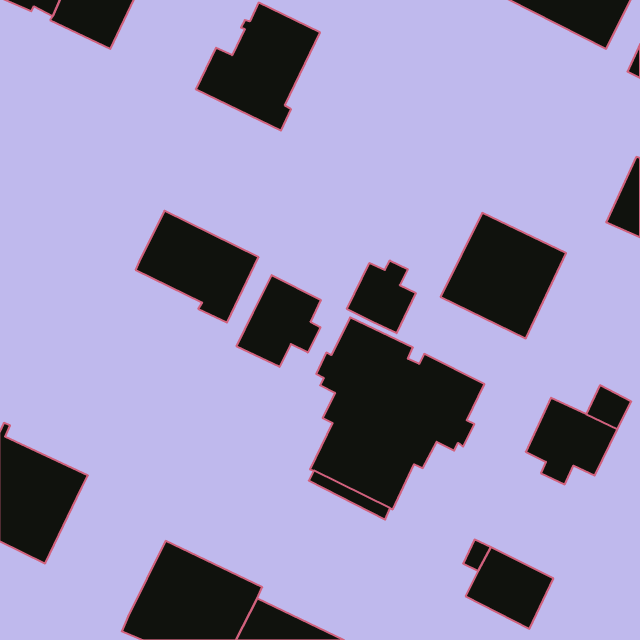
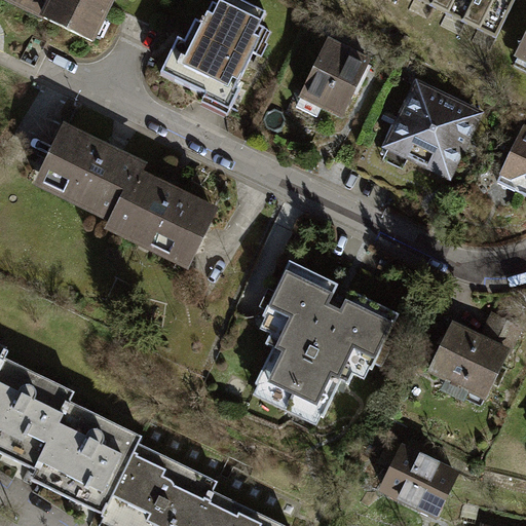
building: none -> [298,39,371,120]
building: none -> [37,128,138,212]
building: [441,213,566,338] -> [381,80,484,183]
building: [347,260,416,333] -> none
building: [237,275,321,367] -> none
building: none -> [33,400,139,504]

